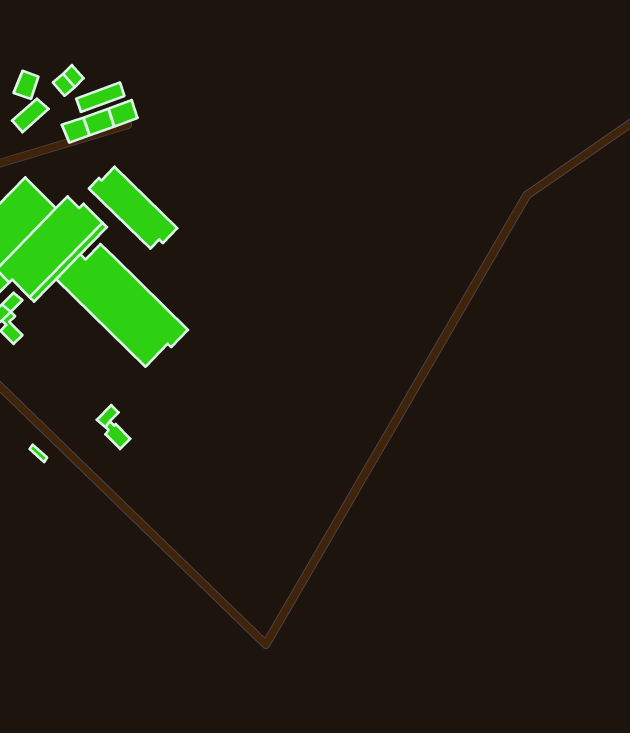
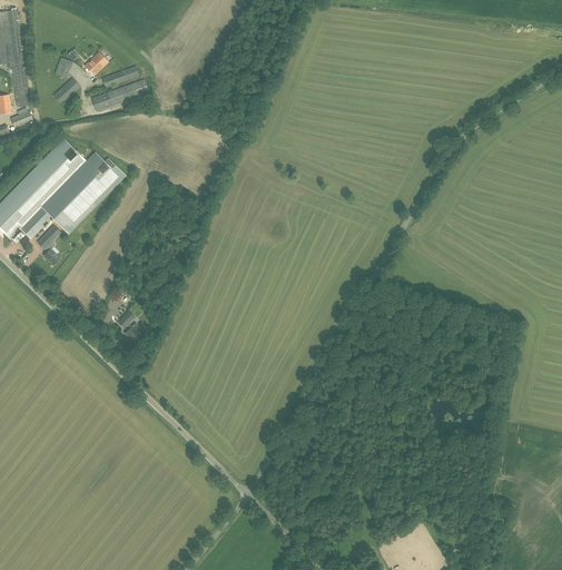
building: [89,167,177,249] -> none
building: [56,244,188,367] -> none

